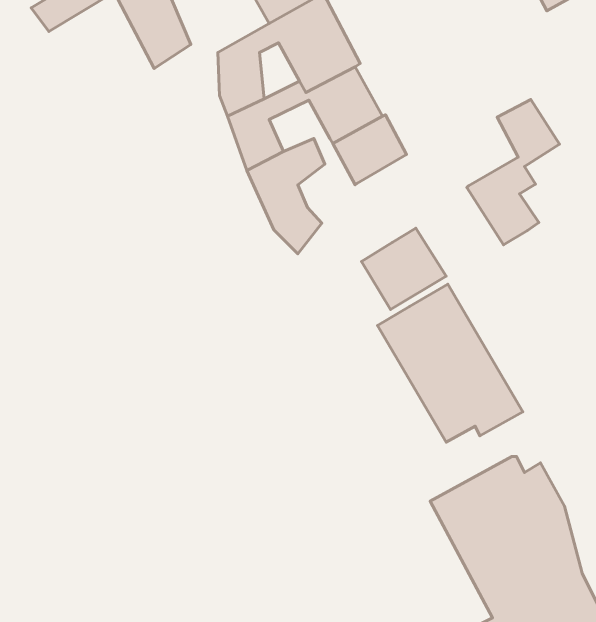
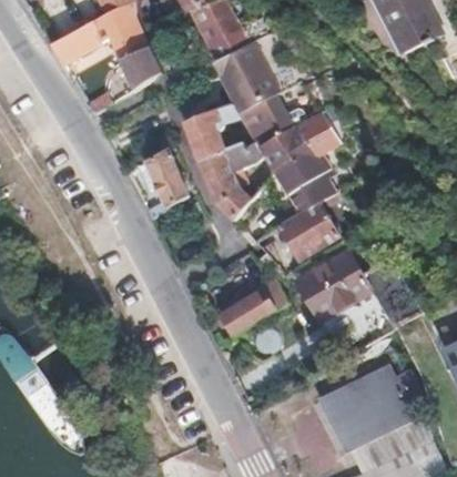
building: [467,100,560,245] -> [274,111,338,212]
building: none -> [144,149,189,210]
building: none -> [220,276,285,336]

